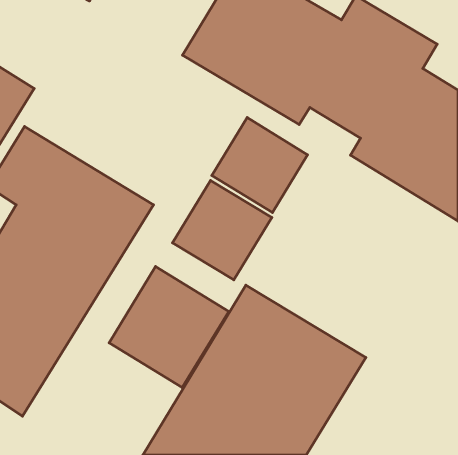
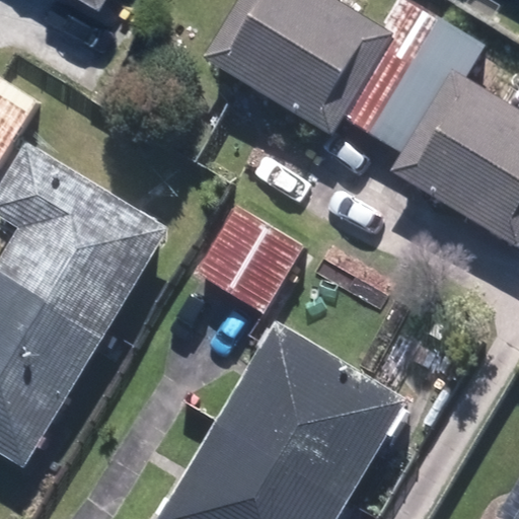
building: [212,118,308,213] -> none
building: [109,267,229,388] -> none

